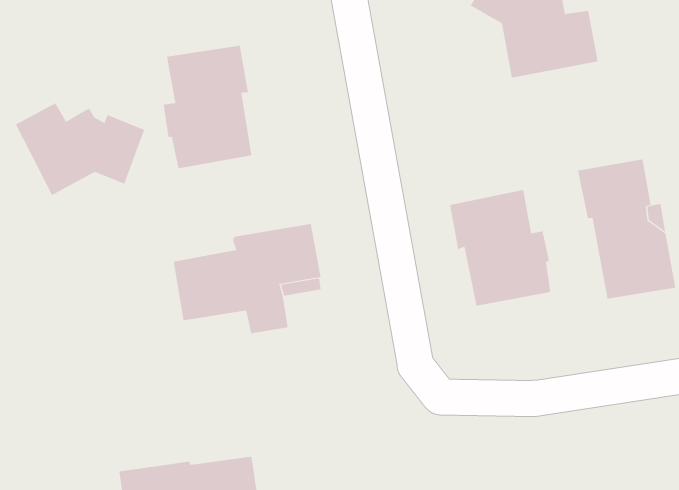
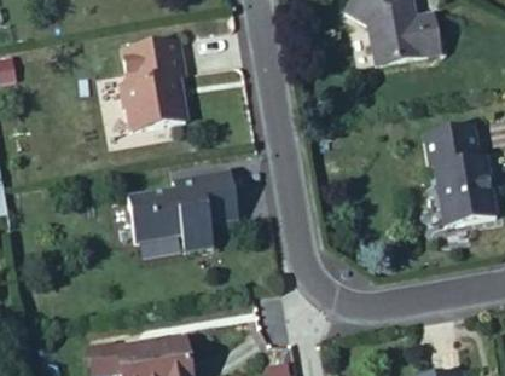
building: [15,102,145,196] -> none
building: [449,189,551,306] -> none

